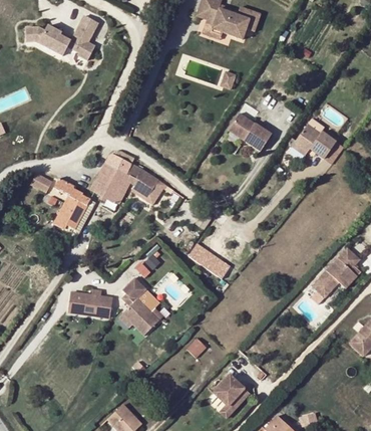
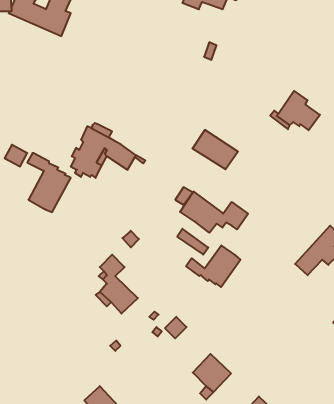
building: [228,113,272,151] -> [192,130,238,169]
building: none -> [180,191,248,233]
building: none -> [186,245,240,287]
building: [67,288,109,316] -> none

